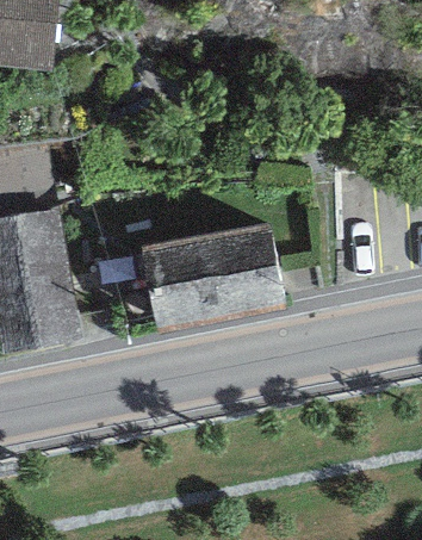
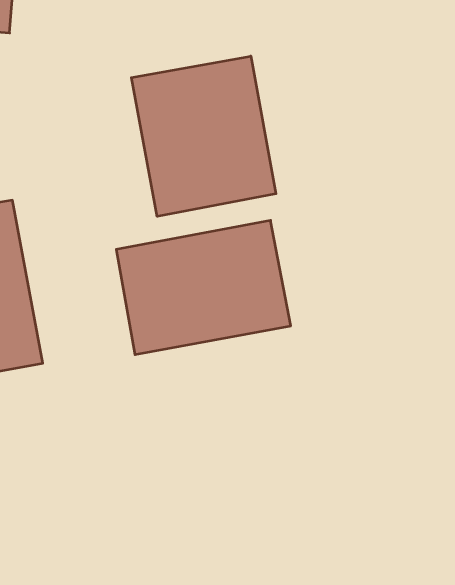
building: none -> [131,56,276,216]

